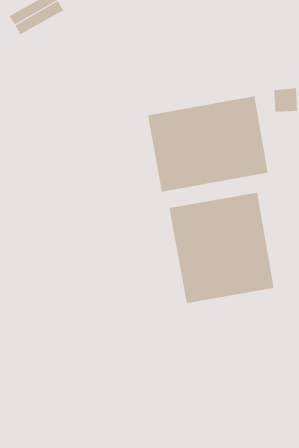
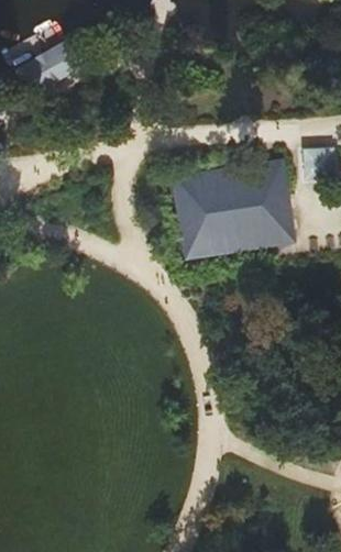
building: [169,192,274,304] -> none

